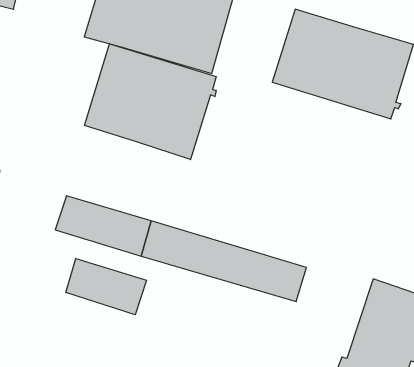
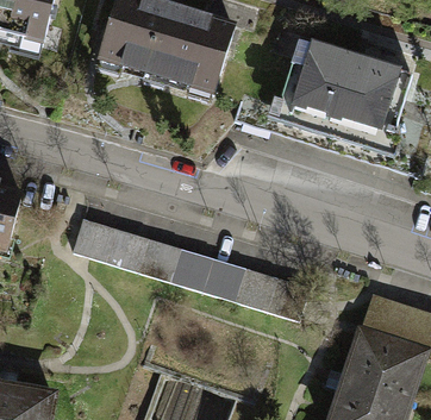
building: [84,44,216,160] -> none
building: [66,258,146,315] -> none

